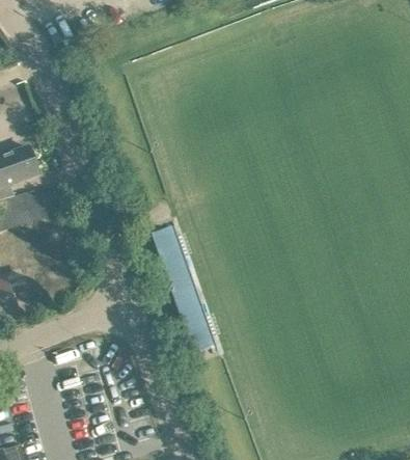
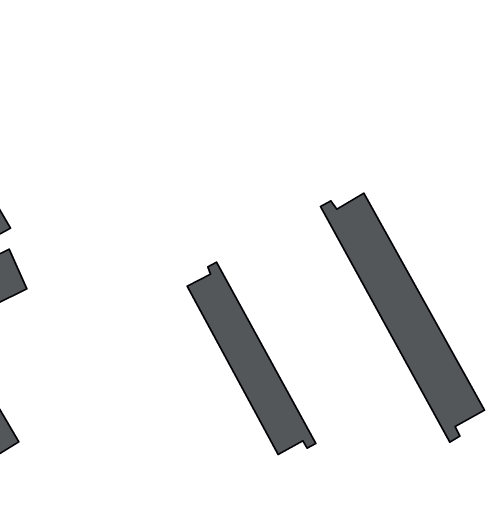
building: none -> [321,193,484,442]

